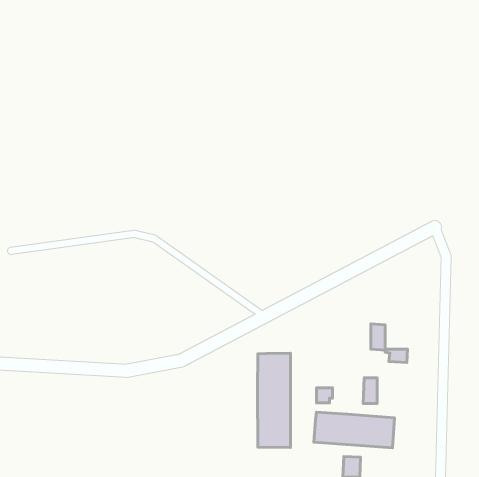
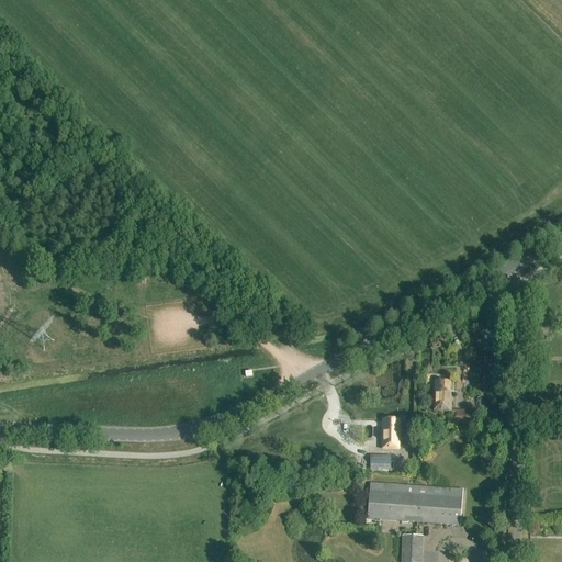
building: [257,353,291,447] -> none
building: [363,378,377,403] -> [381,417,397,447]

